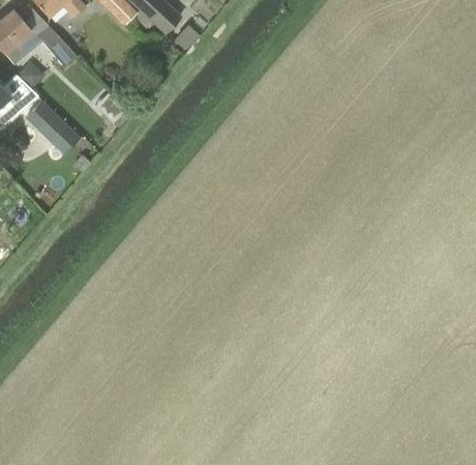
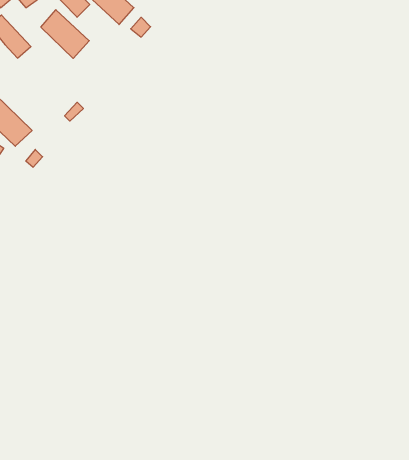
building: none -> [41,10,89,58]

